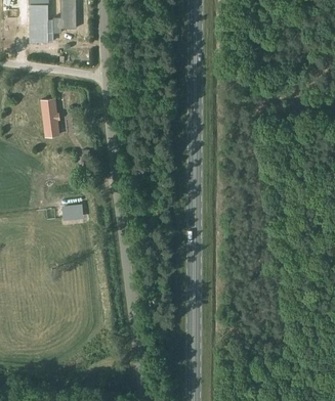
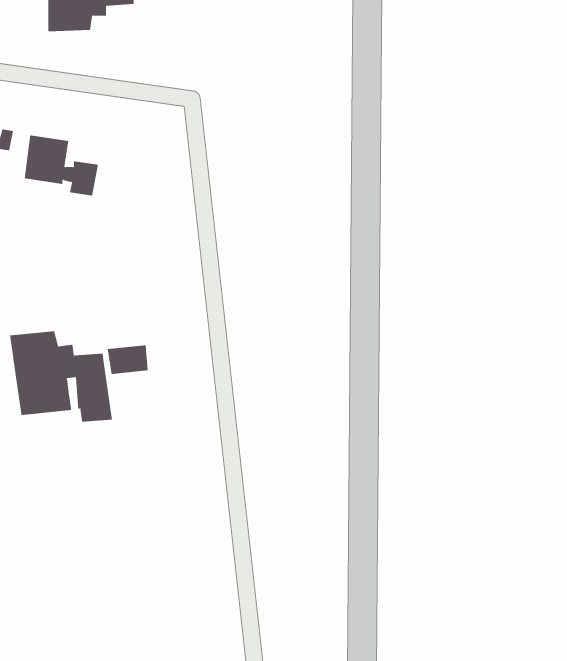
building: none -> [10,330,112,423]

